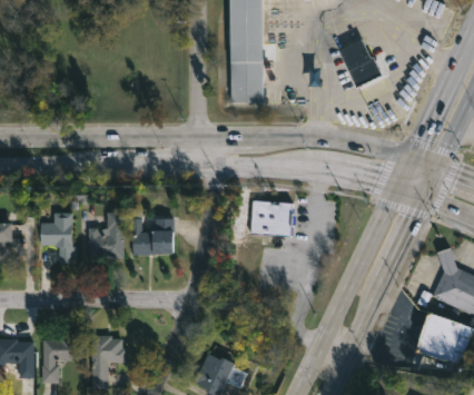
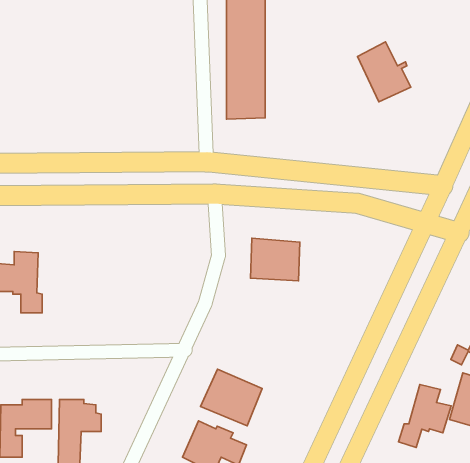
building: [87,211,126,258] -> none
building: [131,218,174,254] -> none
building: none -> [201,369,262,426]
building: none -> [398,385,451,447]

